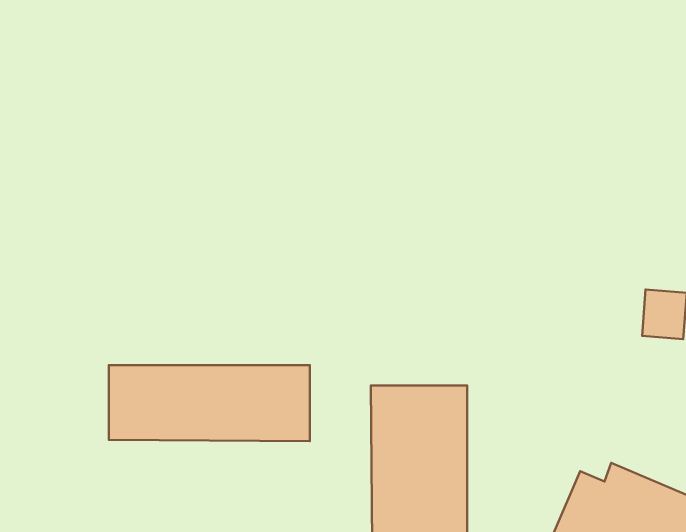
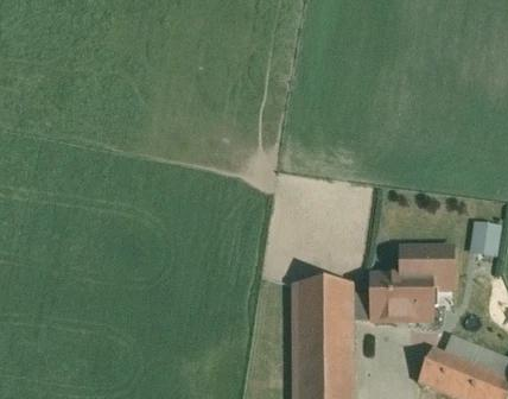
building: none -> [366,235,458,317]
building: [109,365,310,441] -> none

